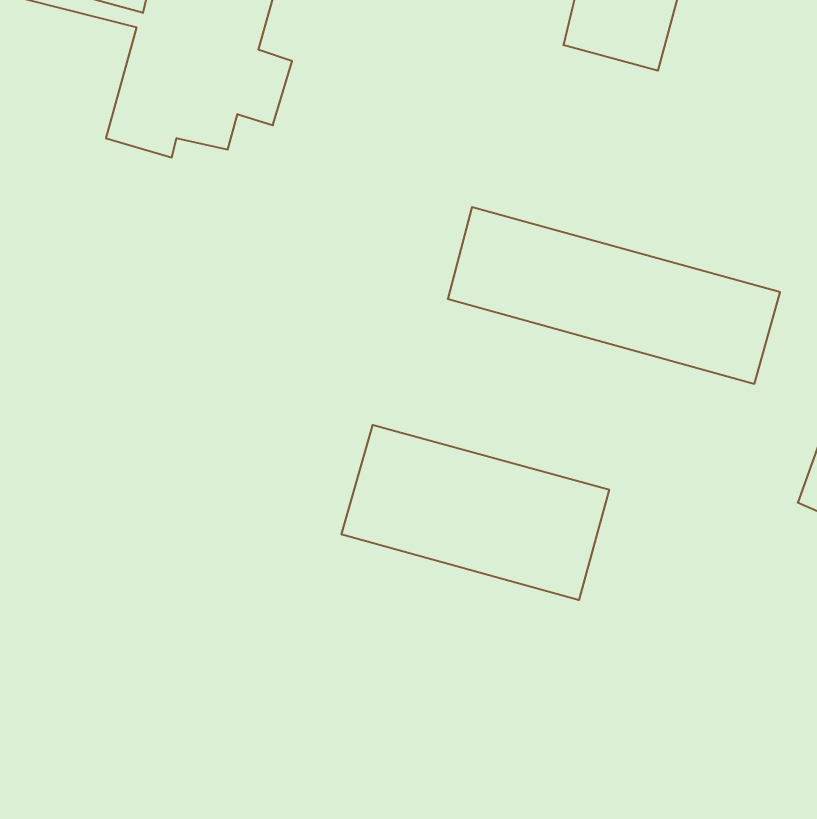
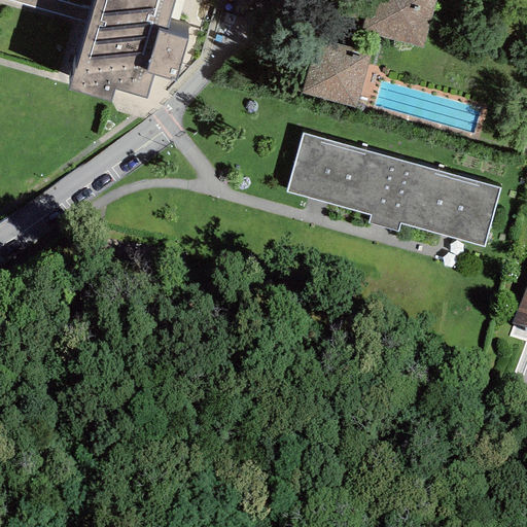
building: none -> [303,37,373,108]
building: [342,425,609,600] -> none

